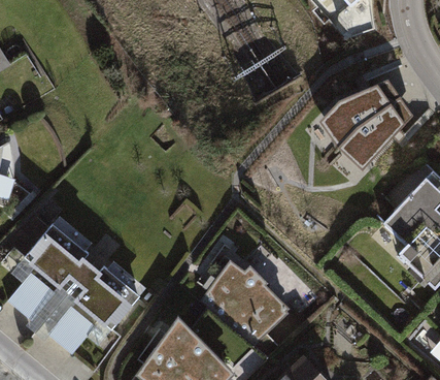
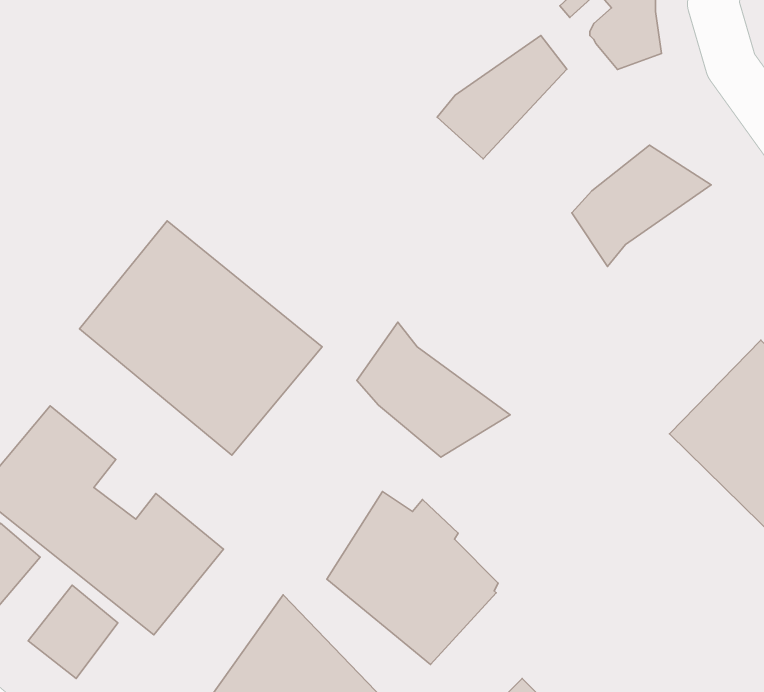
building: [346,99,413,163] -> [437,35,567,159]
building: none -> [79,221,322,455]
building: none -> [357,322,510,457]

